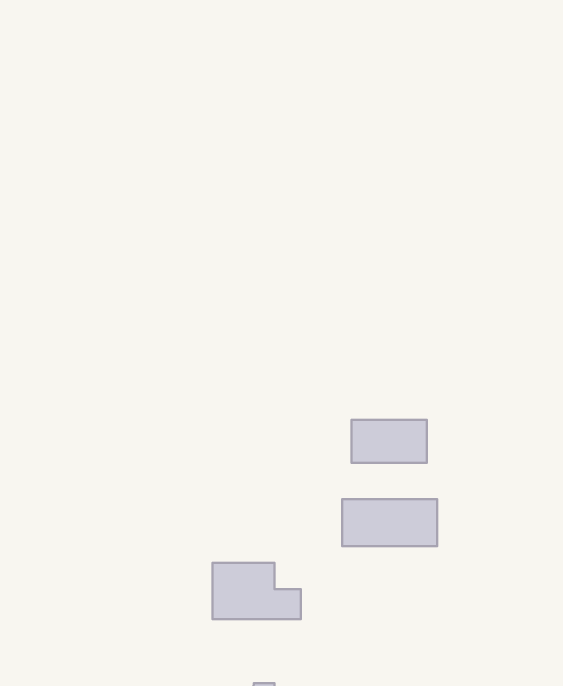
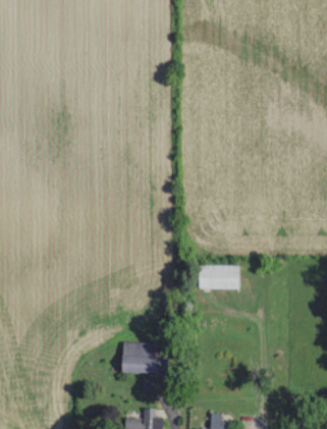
building: [342,499,437,546] -> none

